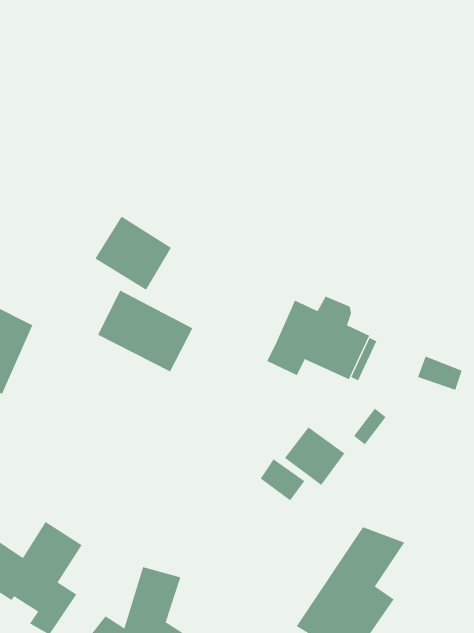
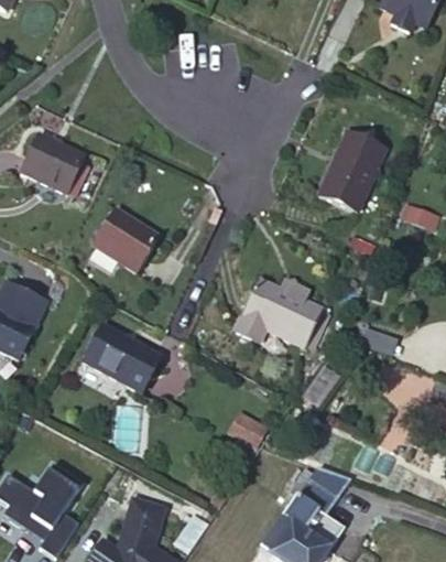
building: none -> [320,131,385,209]
building: none -> [22,133,80,191]
building: [97,290,193,372] -> [84,324,163,392]
building: [284,426,345,486] -> none

